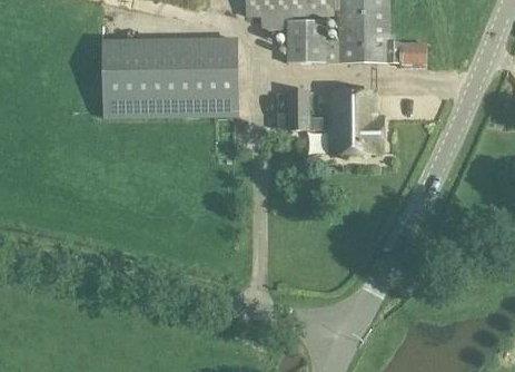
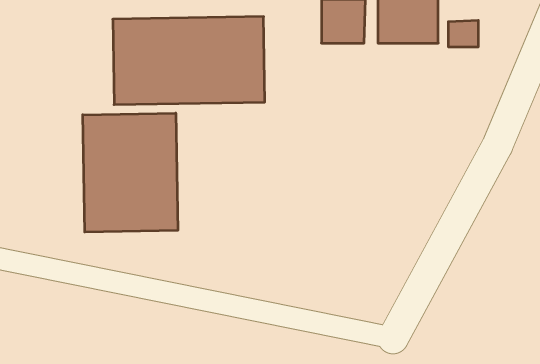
building: [287,89,383,153] -> none
building: none -> [83,113,178,232]

